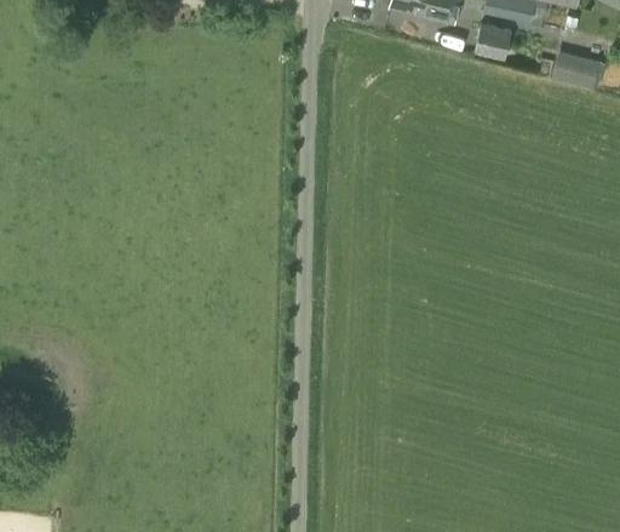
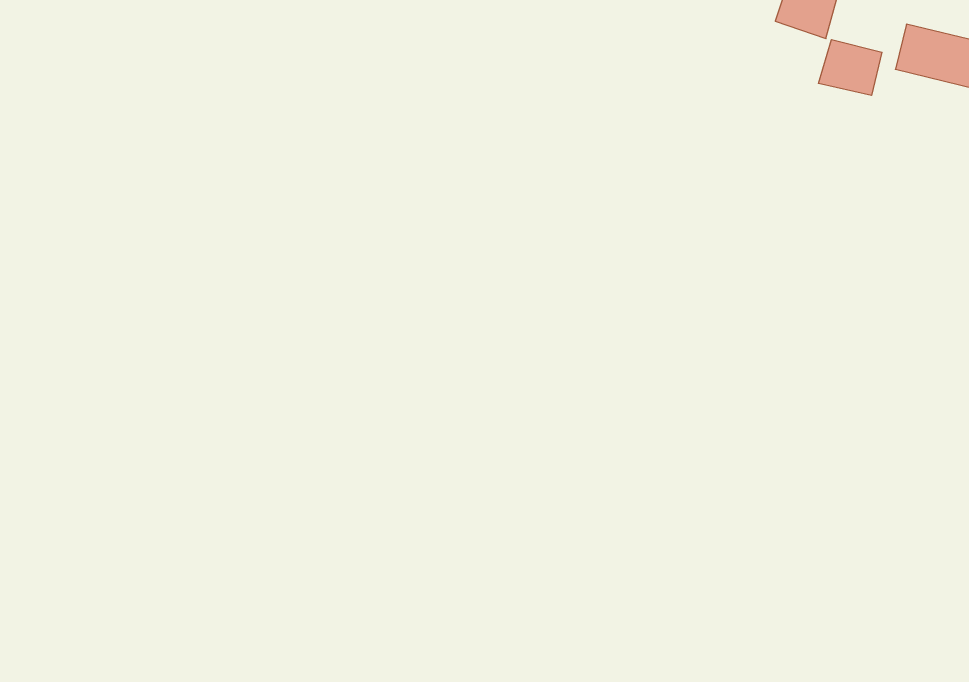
building: none -> [818,40,882,95]

